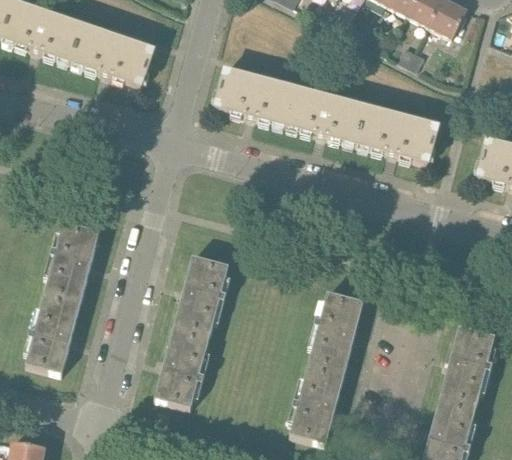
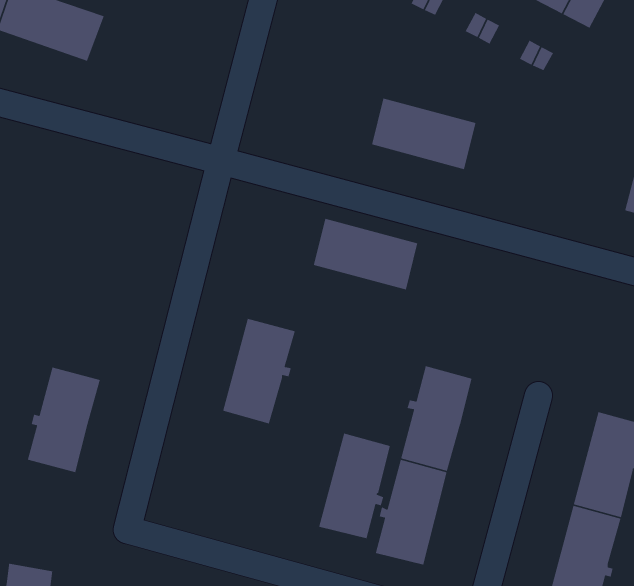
building: [72,25,154,84] -> none
building: [216,68,296,123] -> [313,218,418,290]
building: [358,106,438,161] -> none
building: [45,220,100,301] -> none
building: [155,325,210,406] -> [318,432,391,539]

